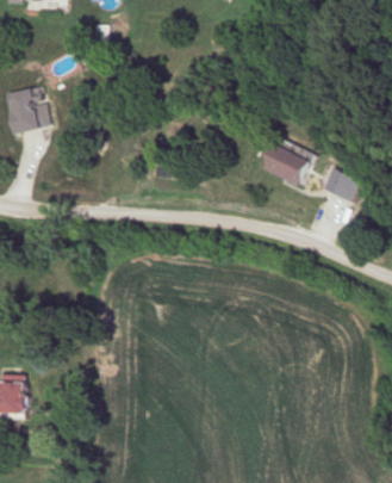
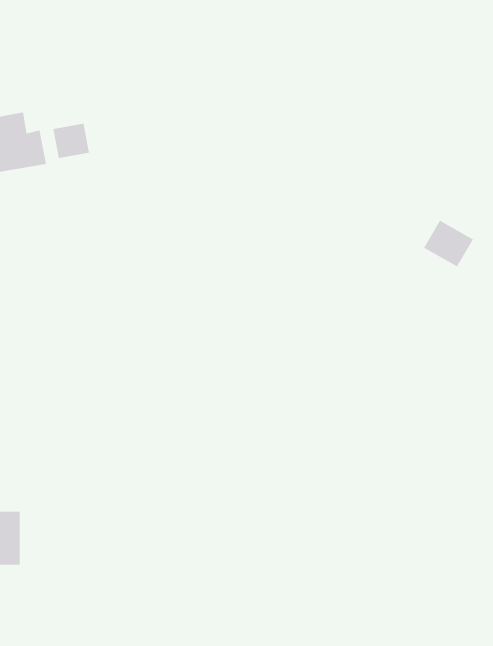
building: none -> [53,123,90,159]
building: [262,142,309,184] -> none

